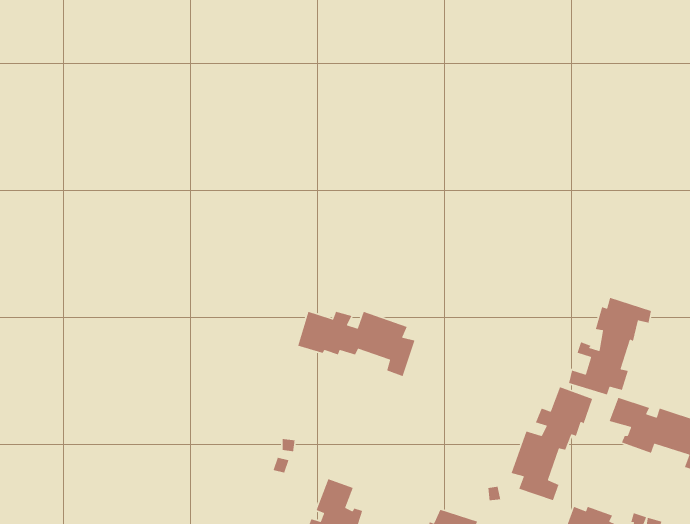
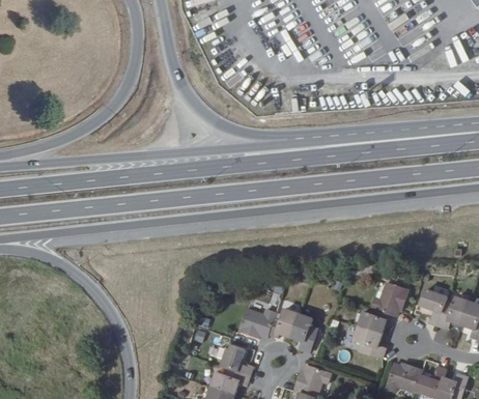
building: [568,297,652,395] -> none
building: [297,311,415,377] -> [238,307,318,351]

